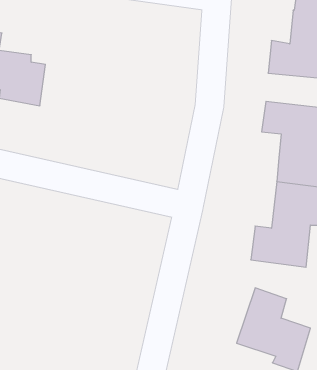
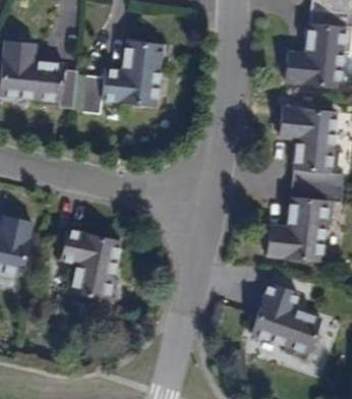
building: none -> [81,43,173,117]
building: none -> [59,228,120,301]

